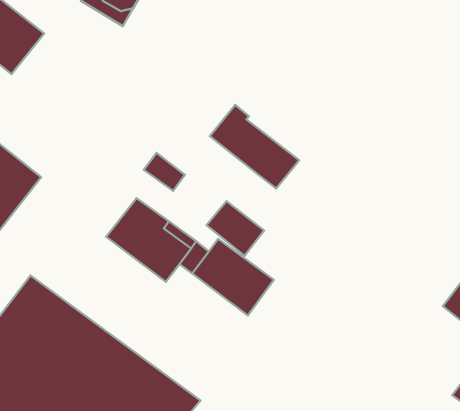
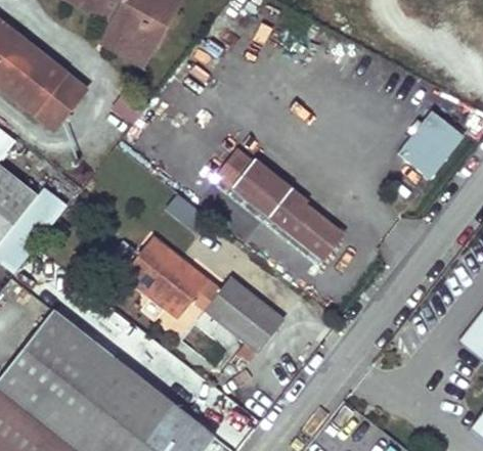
building: none -> [33,76,86,133]
building: none -> [393,108,464,179]
building: [207,201,264,256] -> [291,204,347,257]

